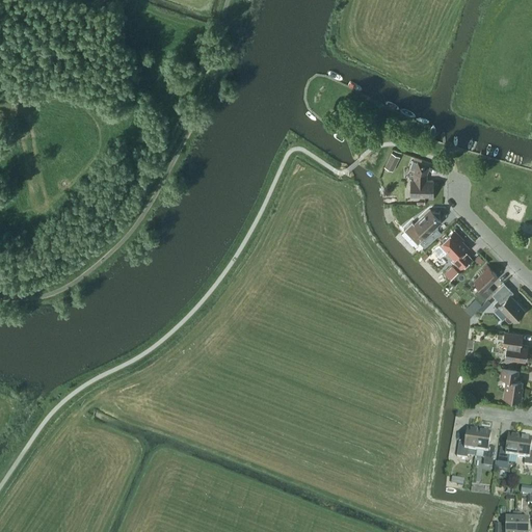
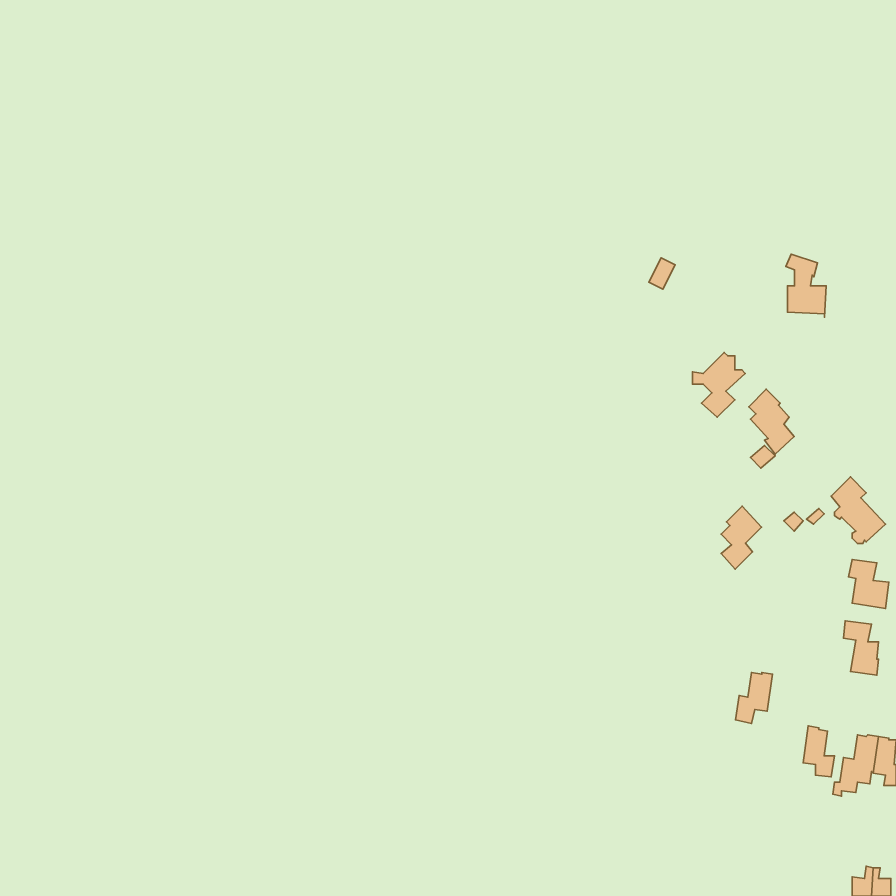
building: [409,161,433,198] -> [786,254,826,317]
building: [474,264,498,301] -> [721,506,761,569]
building: [457,429,479,459] -> [736,673,772,723]

